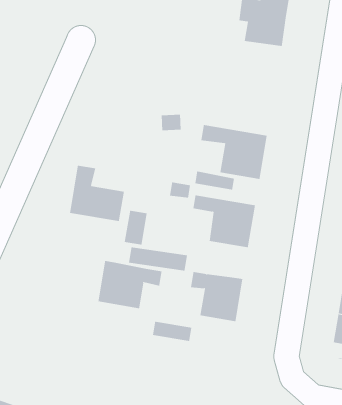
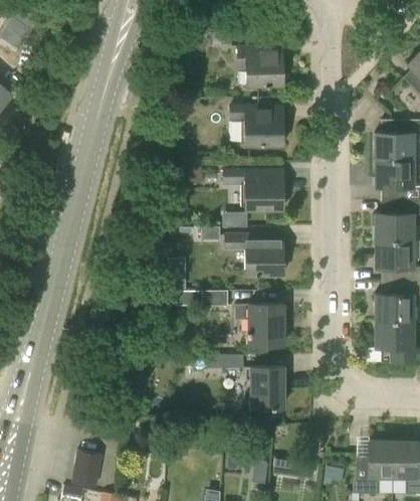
building: none -> [230,106,282,146]
building: [69,165,125,222] -> none
building: [98,260,162,309] -> none
building: none -> [250,367,283,407]

